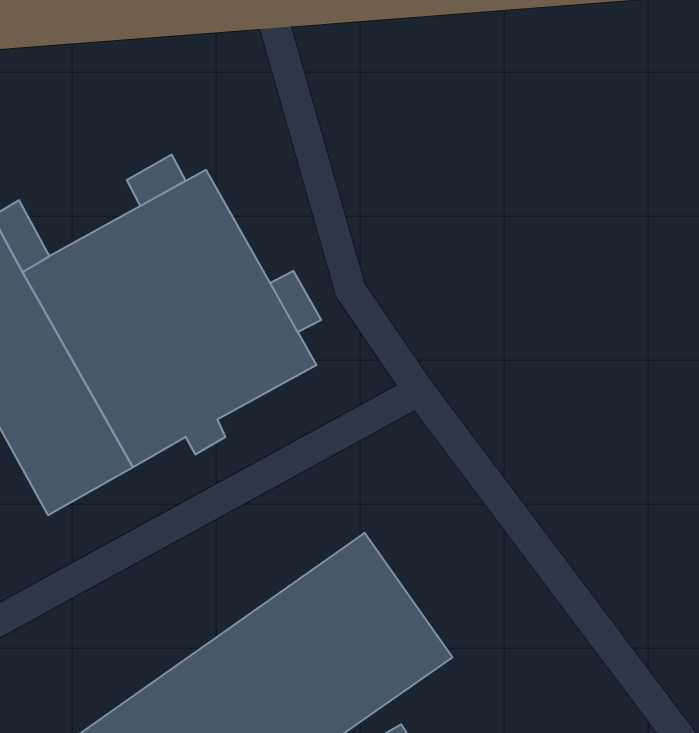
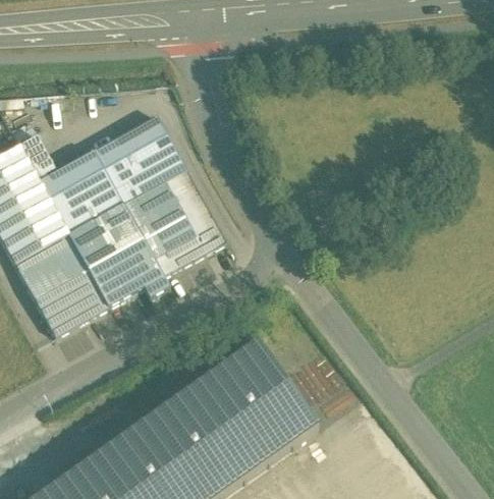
building: [127,155,185,206] -> none
building: [270,271,321,332] -> none

